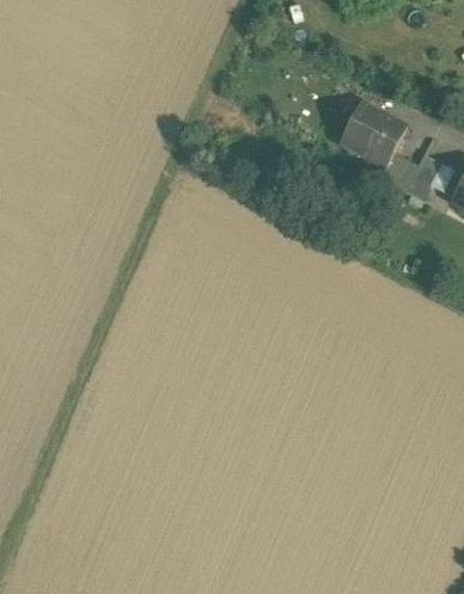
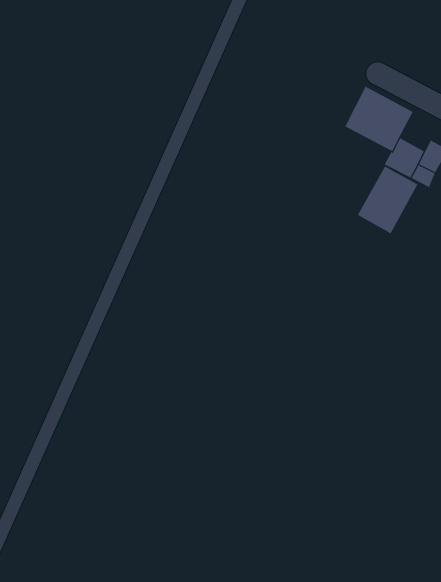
building: none -> [357,165,418,234]

